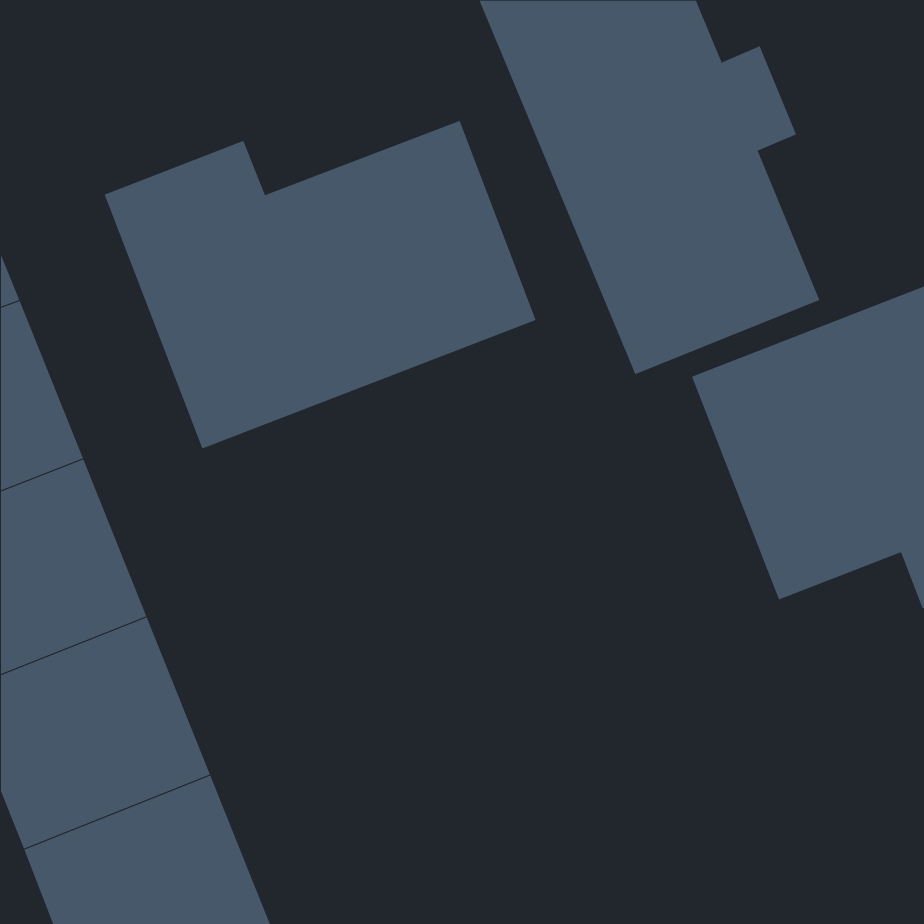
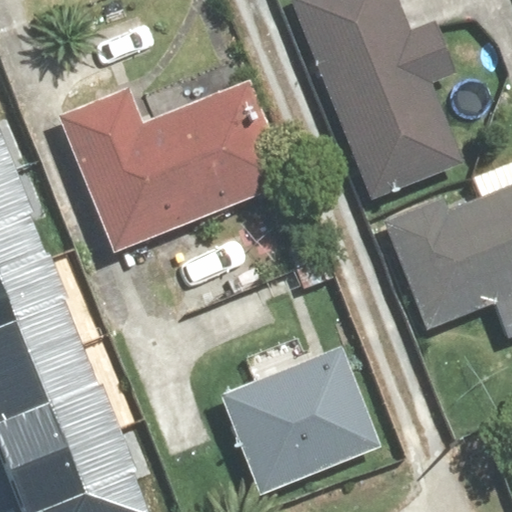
building: none -> [203,351,370,505]

